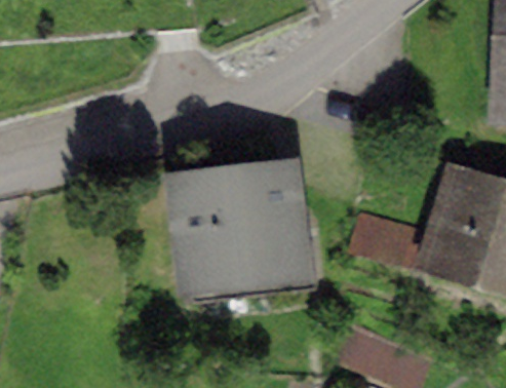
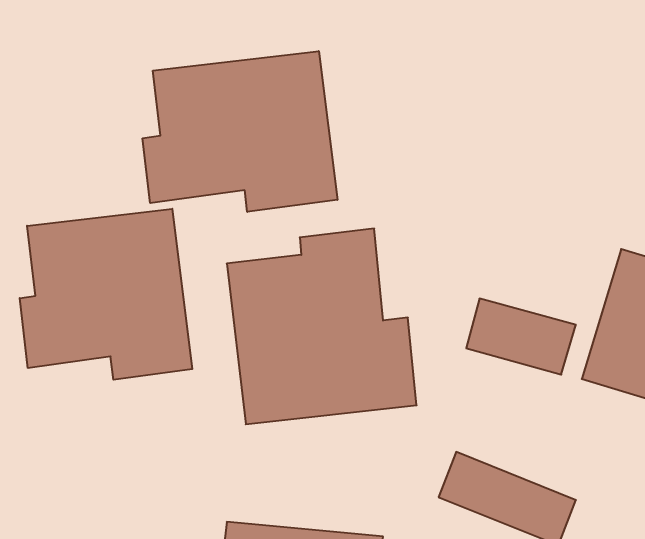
building: none -> [143,51,337,212]
building: none -> [20,209,192,380]

